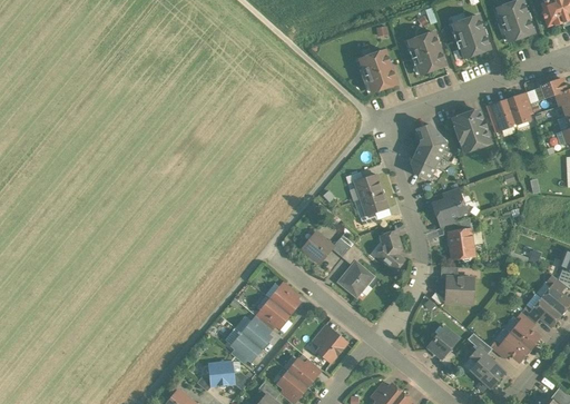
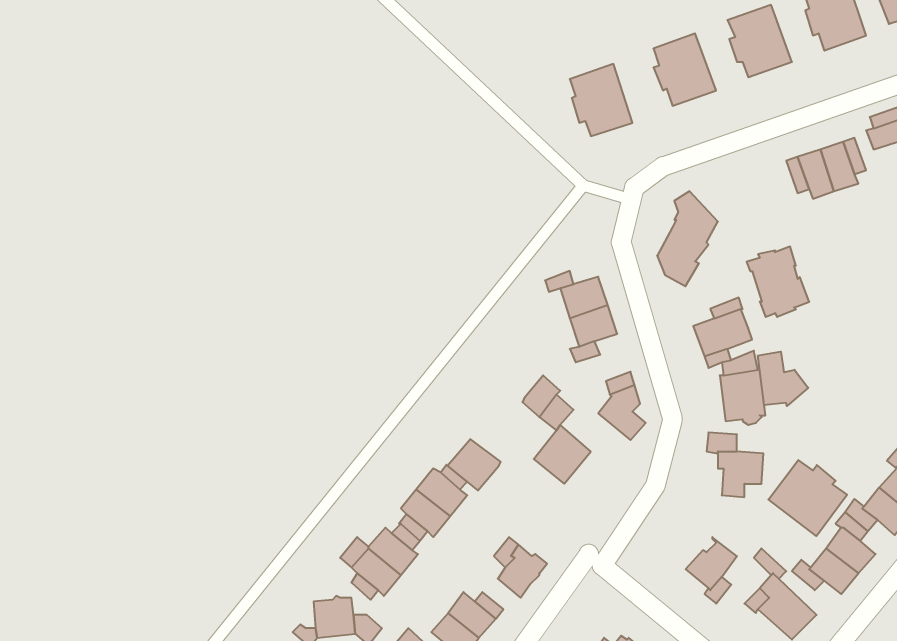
building: [453,110,490,151] -> [747,247,809,317]
building: none -> [758,352,808,406]
building: [302,233,333,263] -> [448,439,501,490]
building: none -> [768,460,847,536]

